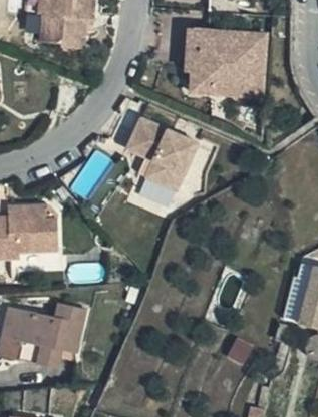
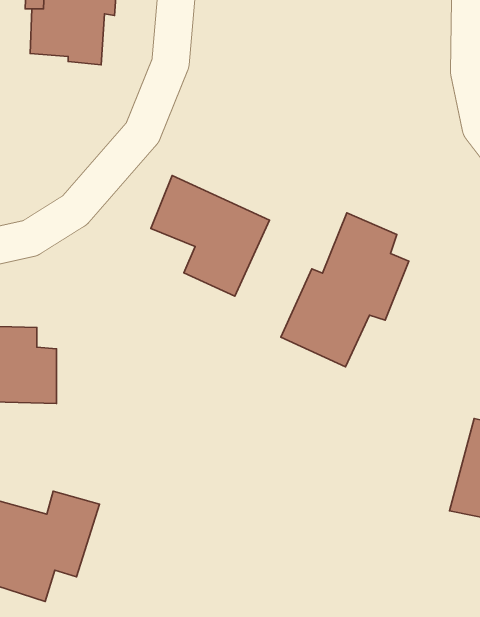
building: [184,25,266,96] -> none
building: none -> [281,213,409,367]

